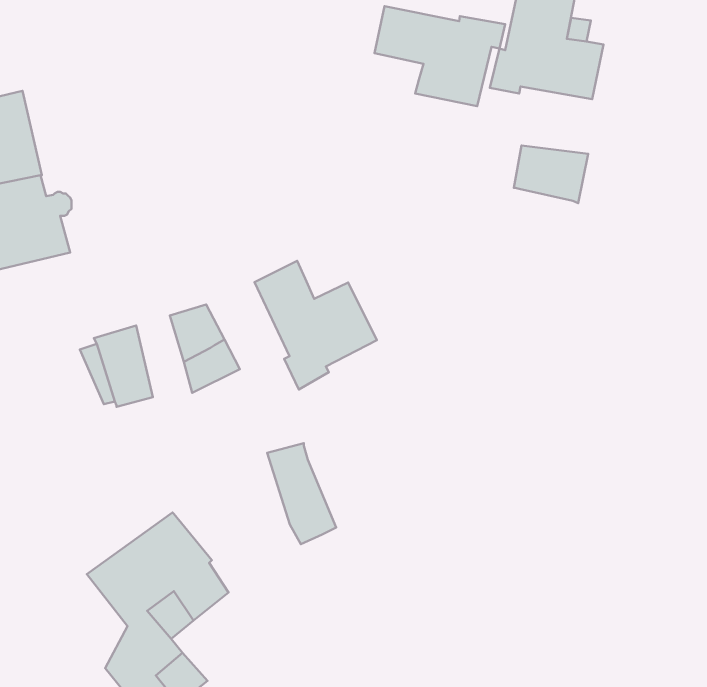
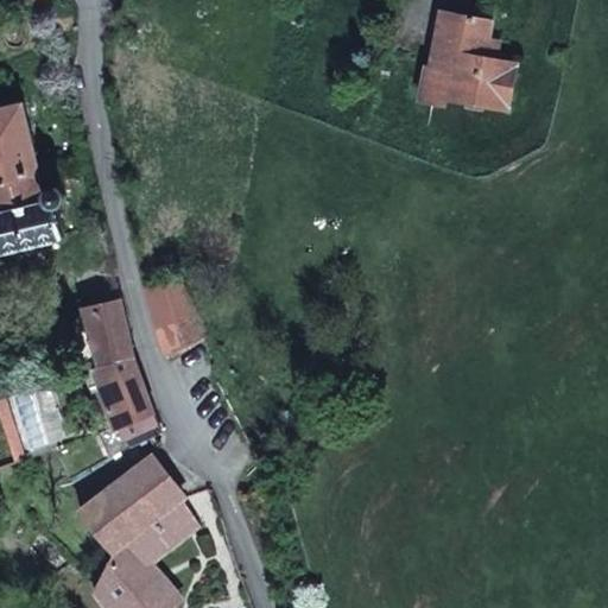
building: [375,6,505,106] -> none
building: [514,145,588,203] -> none
building: [254,261,377,389] -> none
building: [267,443,336,544] -> [101,360,159,445]

